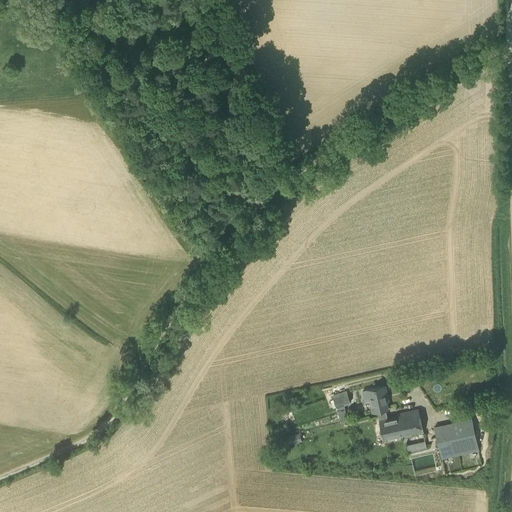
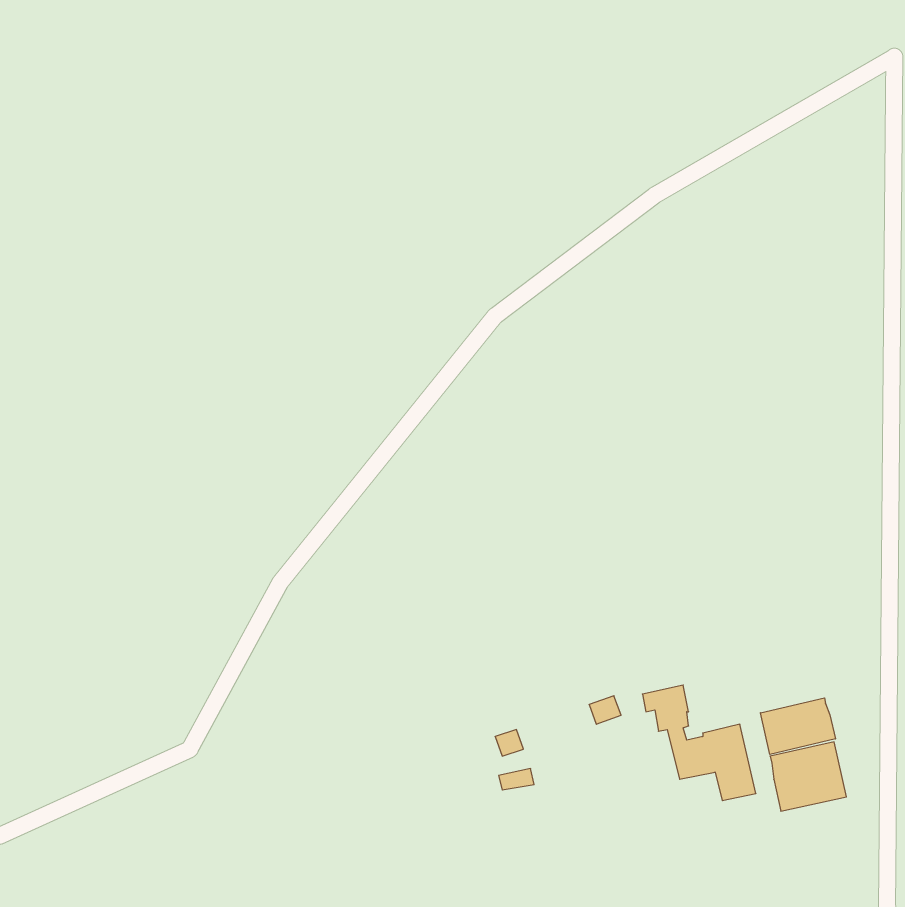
building: none -> [760,698,835,754]

